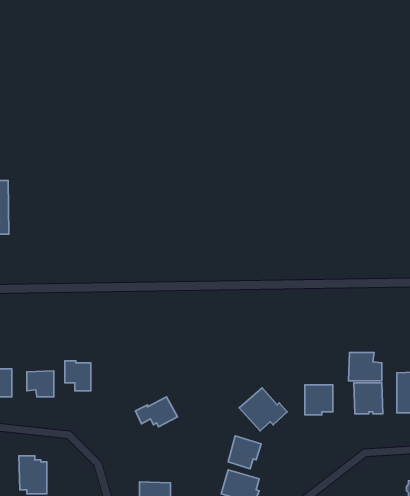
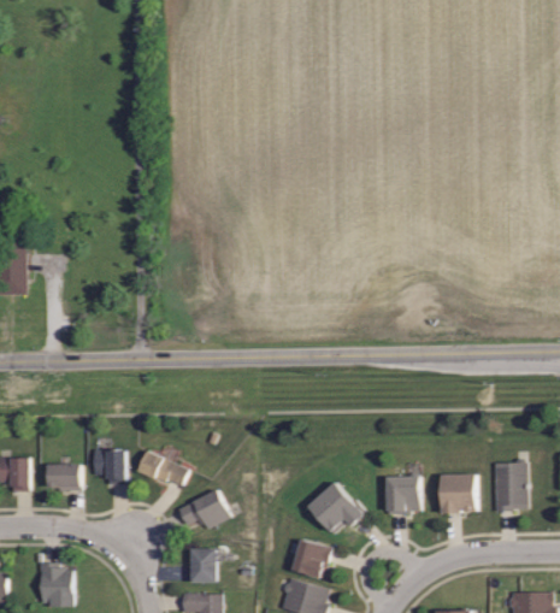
building: [348,352,382,381] -> none
building: none -> [136,450,187,484]
building: none -> [190,548,217,582]

